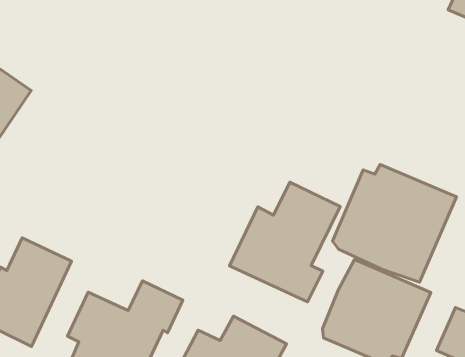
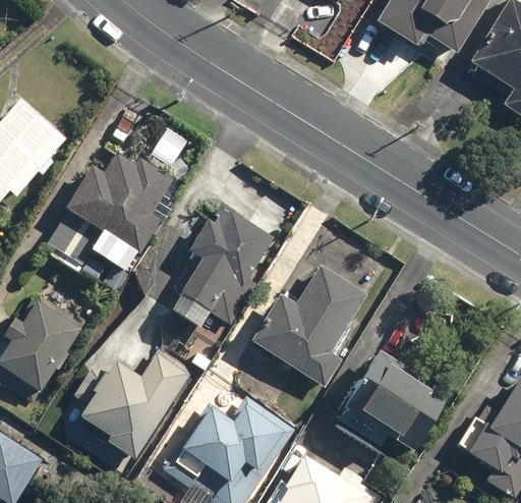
building: none -> [41,154,176,294]
building: none -> [173,203,275,328]
building: [332,165,457,282] -> none

